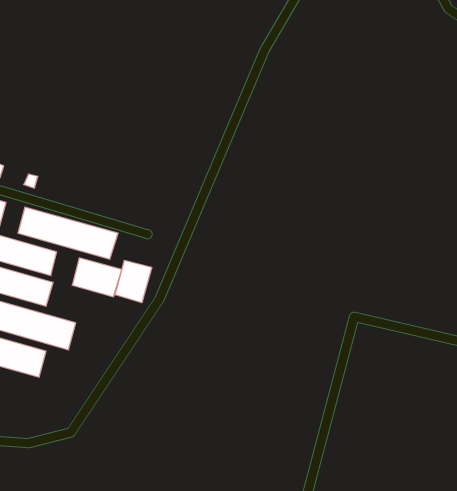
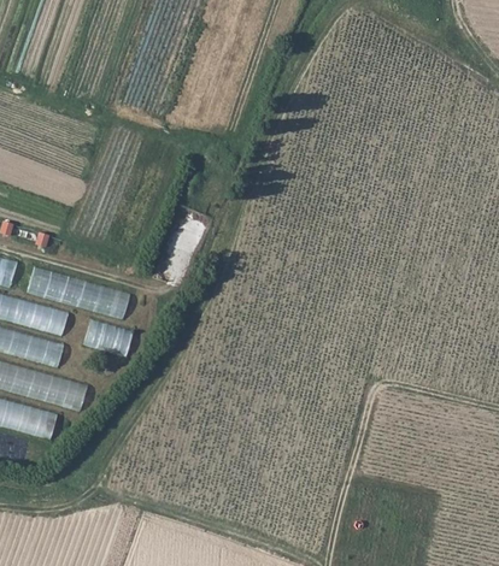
building: [115,260,152,303] -> none

